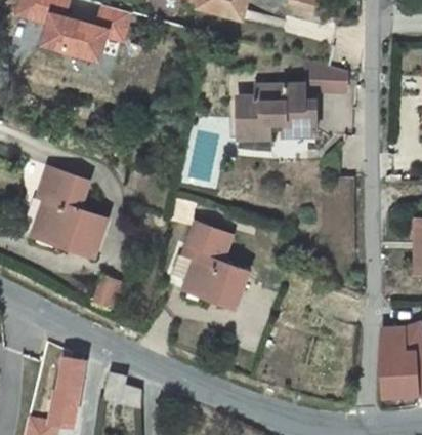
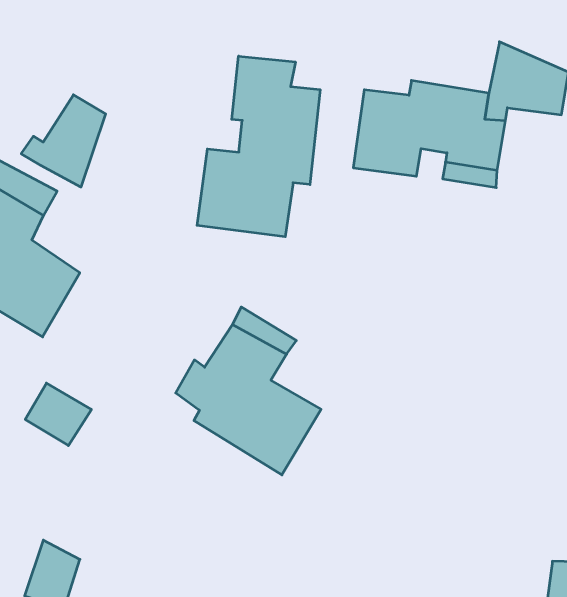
building: none -> [197,56,320,237]
building: none -> [21,95,106,187]

